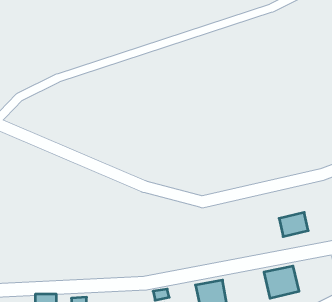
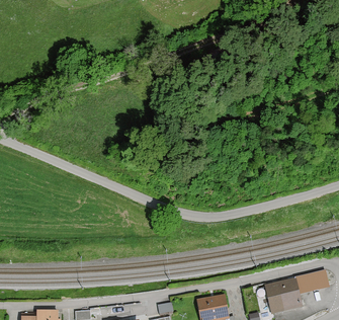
building: [279,212,308,237] -> [301,266,330,291]

